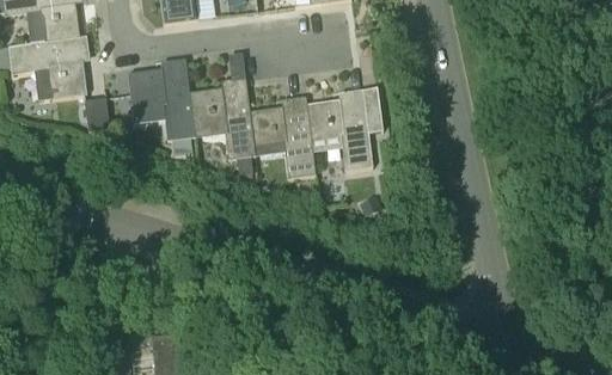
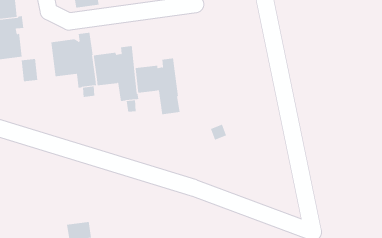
building: [306,87,382,171] -> none

